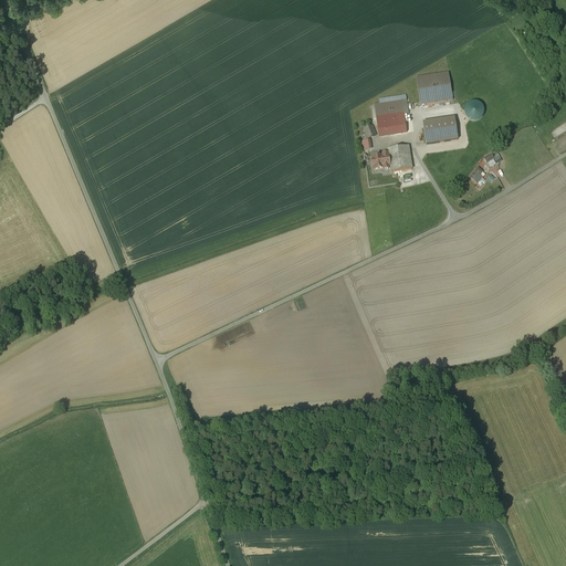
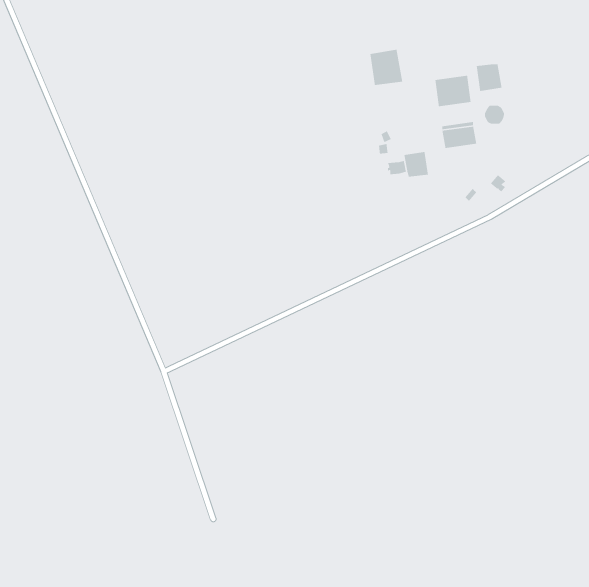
building: none -> [476,63,502,92]
building: [375,99,407,135] -> [370,49,403,86]

